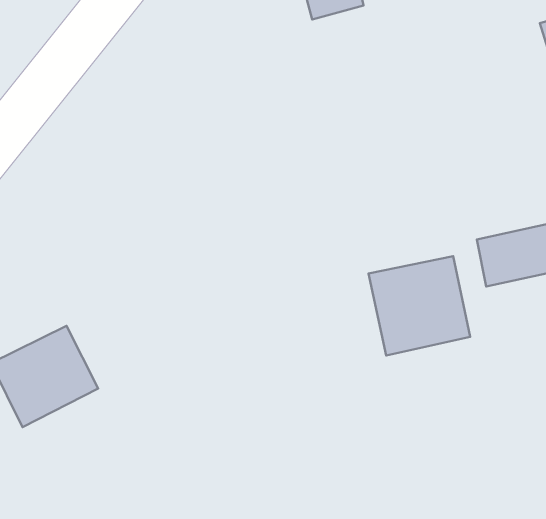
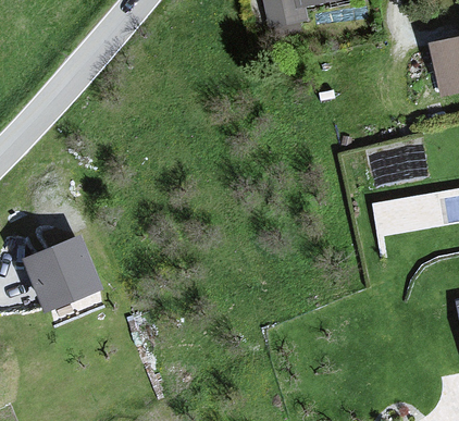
building: [368,256,470,356] -> none

